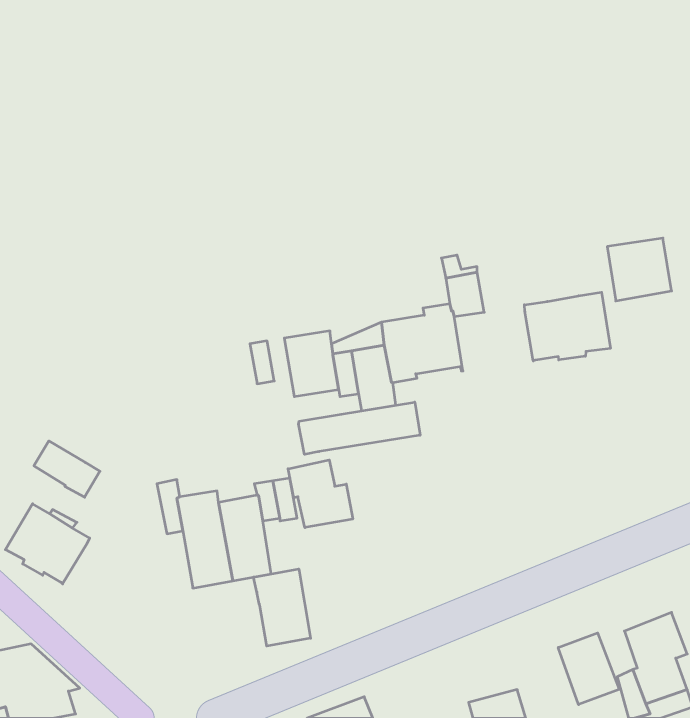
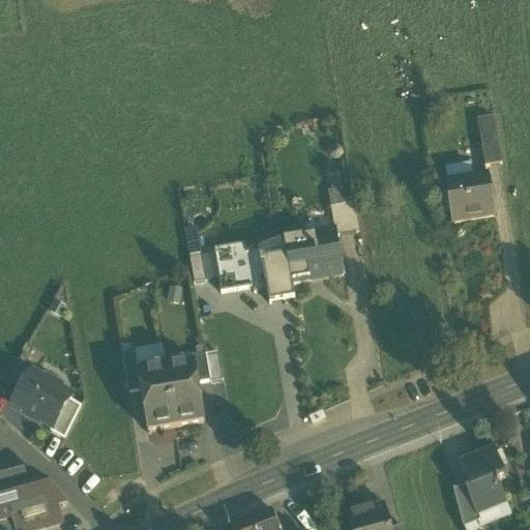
building: none -> [478,126,500,163]
building: [524,292,610,361] -> none
building: [299,402,420,454] -> none
building: [34,441,100,497] -> none
building: [288,460,353,528] -> none
building: none -> [49,395,80,436]
building: [254,569,311,646] -> none
building: [558,633,619,705] -> none

